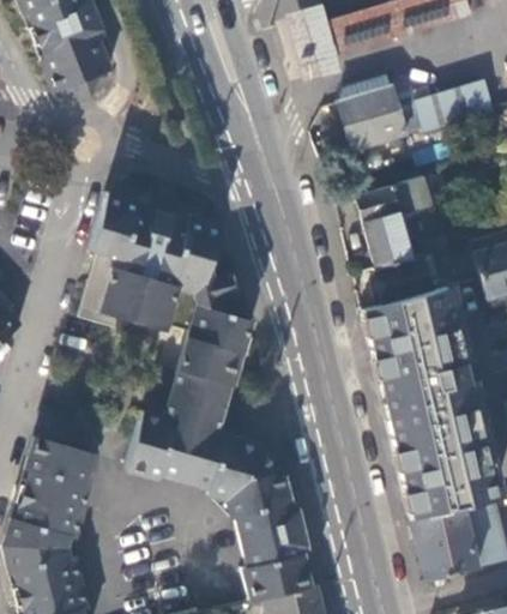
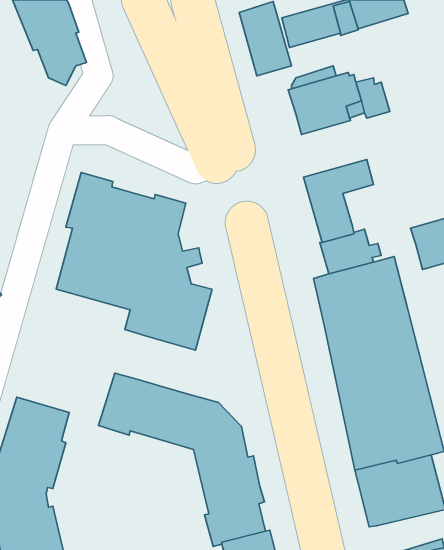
building: [437,78,490,124] -> none
building: [167,371,234,433] -> none

